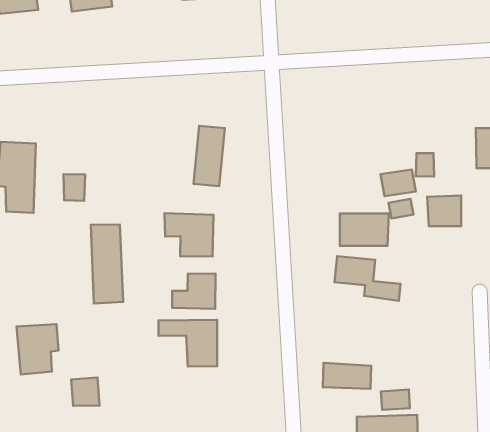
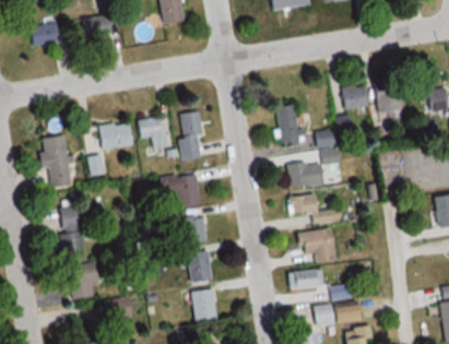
building: none -> [137,116,167,152]
building: none -> [276,104,308,143]
building: none -> [98,122,132,146]
building: [427,196,461,226] -> [341,84,367,108]
building: [91,225,123,304] -> [58,204,86,262]
building: none -> [296,227,334,262]
building: none -> [191,288,217,321]

